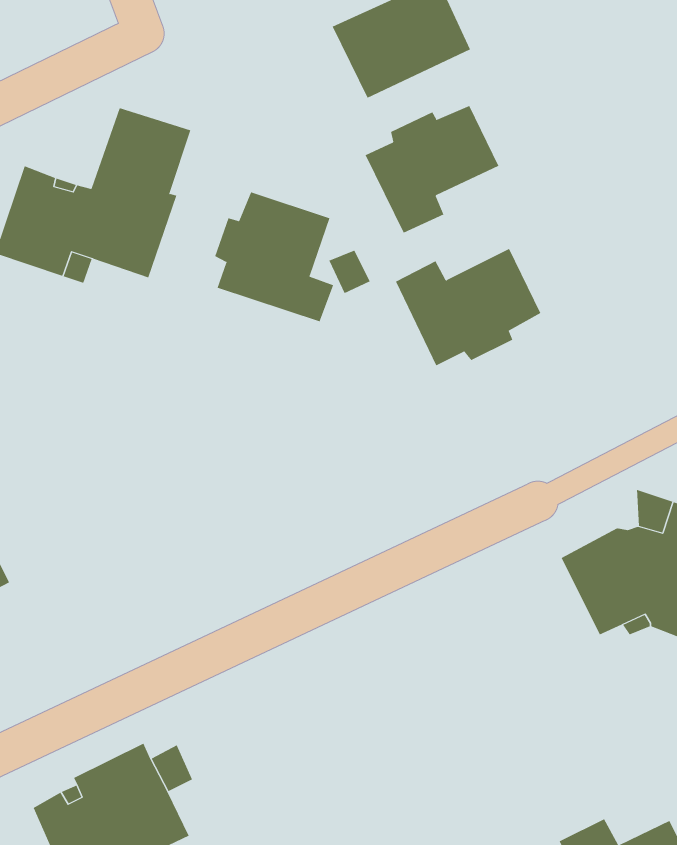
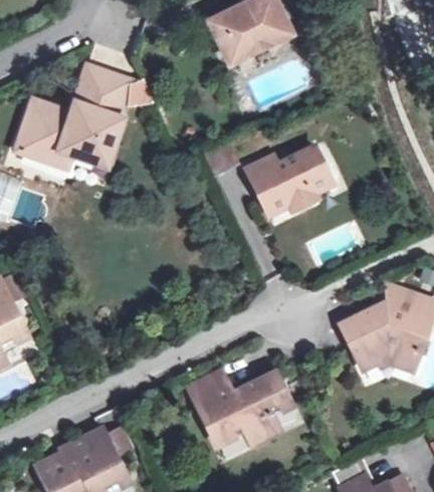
building: [365,105,499,233] -> none
building: [215,191,334,322] -> none
building: none -> [188,371,289,444]

